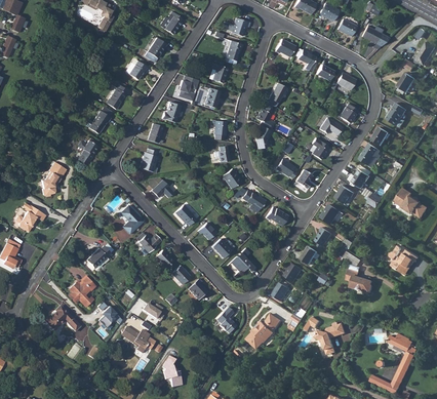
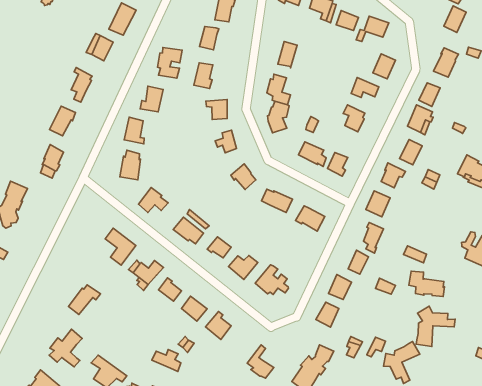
building: none -> [416,306,455,346]

